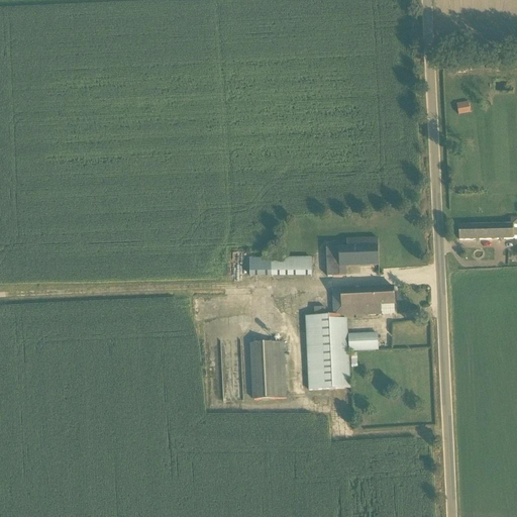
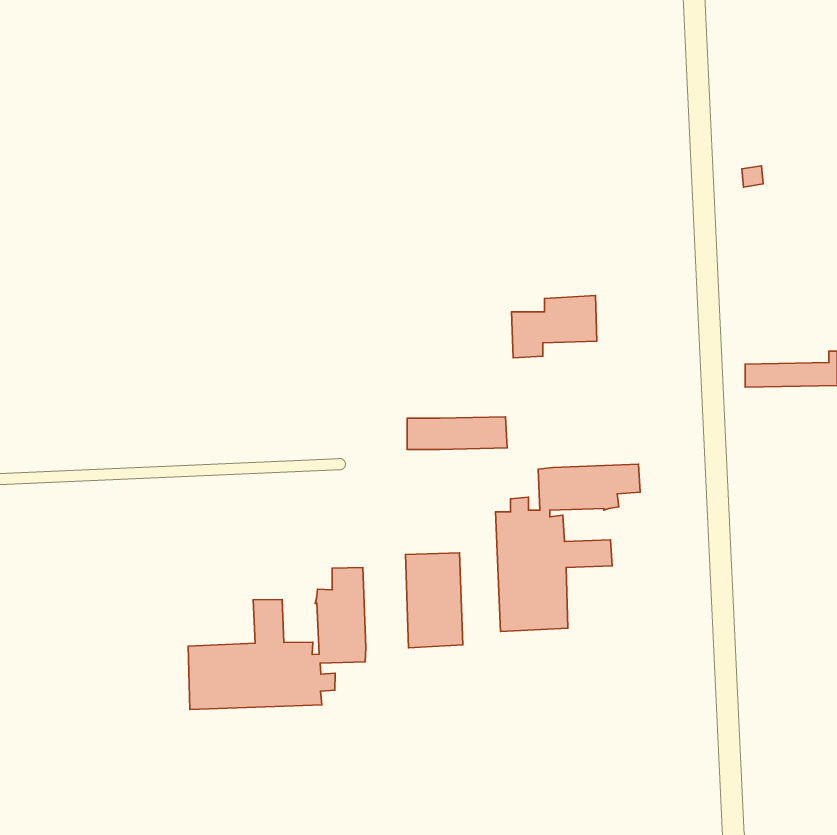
building: [325,236,378,275] -> [512,295,597,358]
building: none -> [188,568,366,710]

